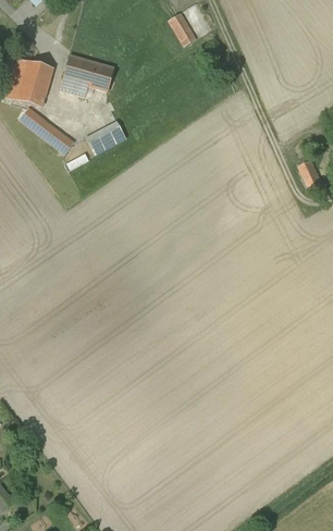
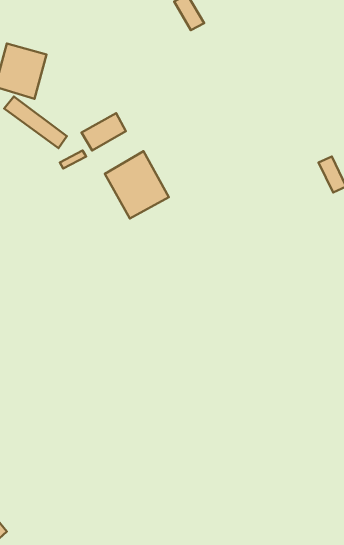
building: [60,55,113,96] -> none
building: none -> [105,151,169,219]

